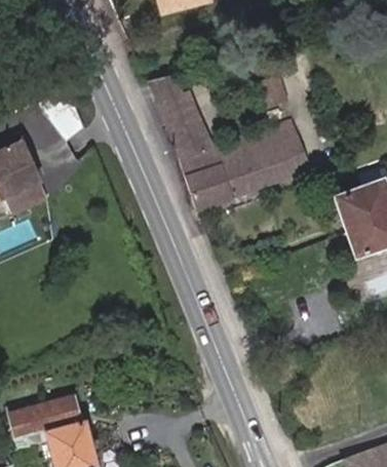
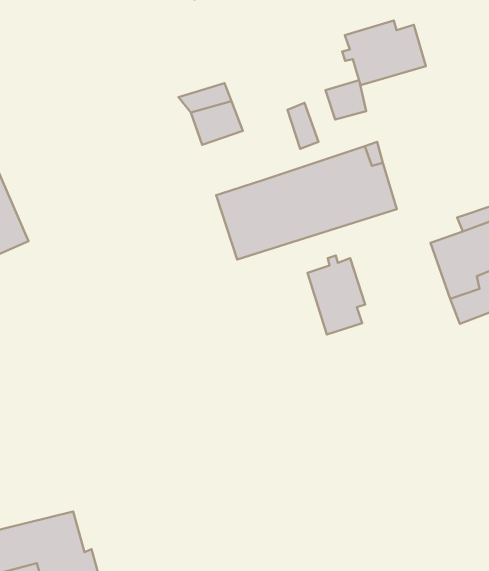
building: none -> [342,20,426,85]
building: [168,114,214,160] -> none
building: none -> [307,256,365,334]

